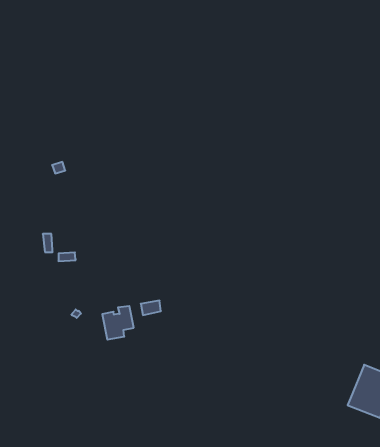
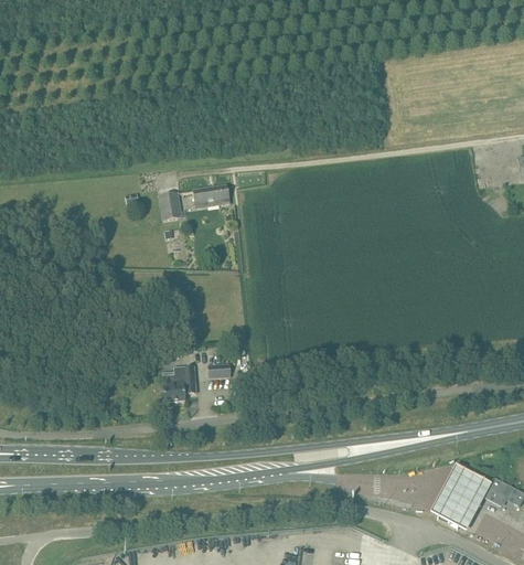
building: none -> [194,185,229,204]
building: none -> [160,192,182,220]

